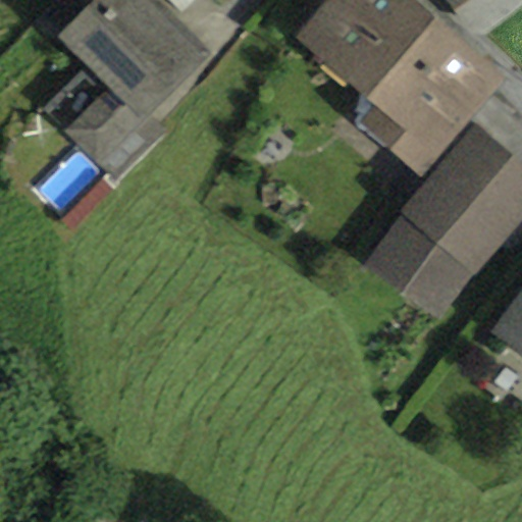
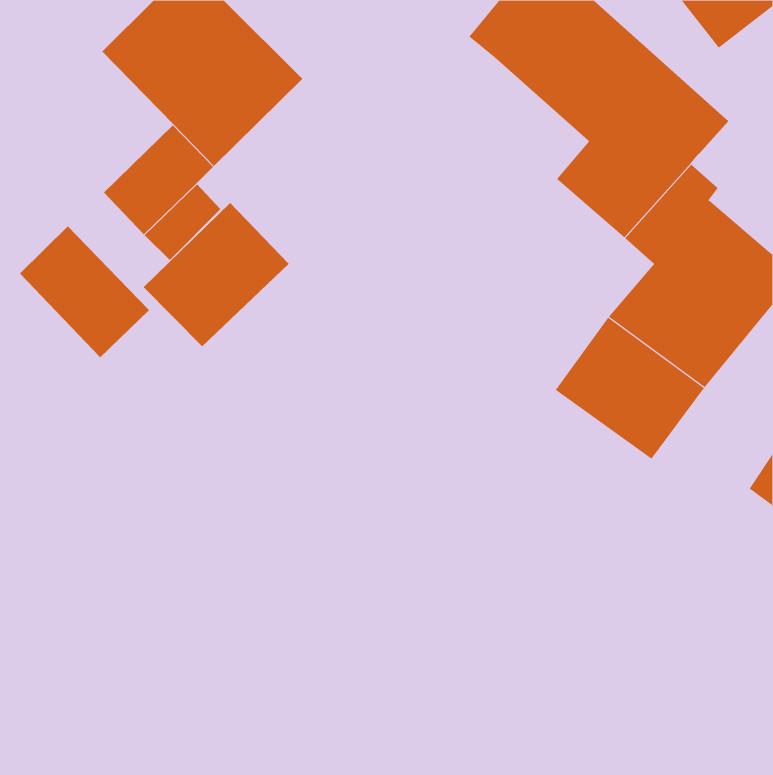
building: none -> [143,202,290,347]
building: none -> [19,226,150,358]

